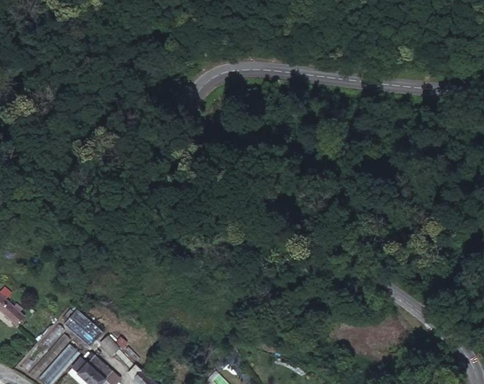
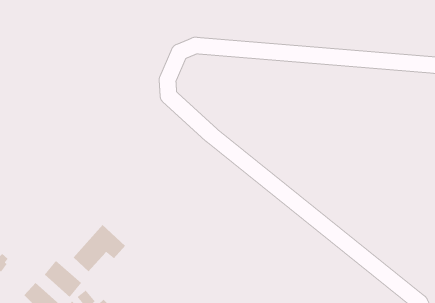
building: none -> [73,224,126,272]

